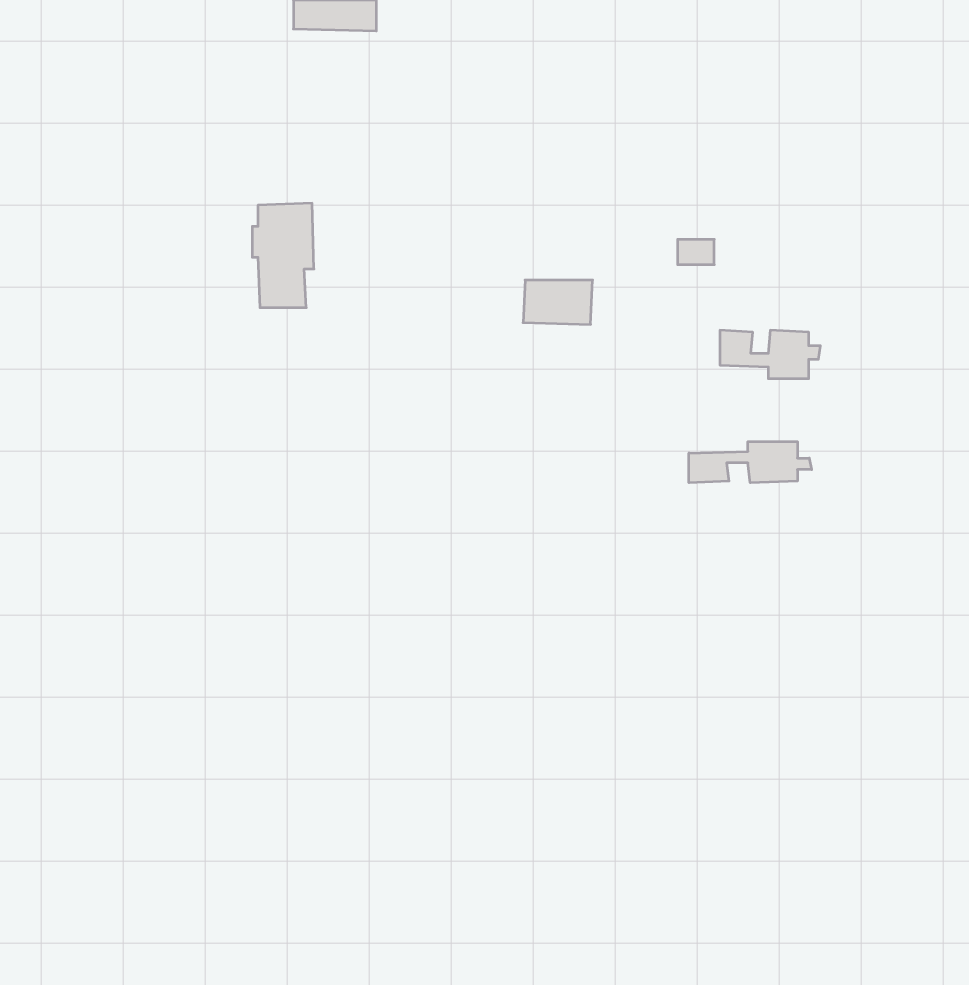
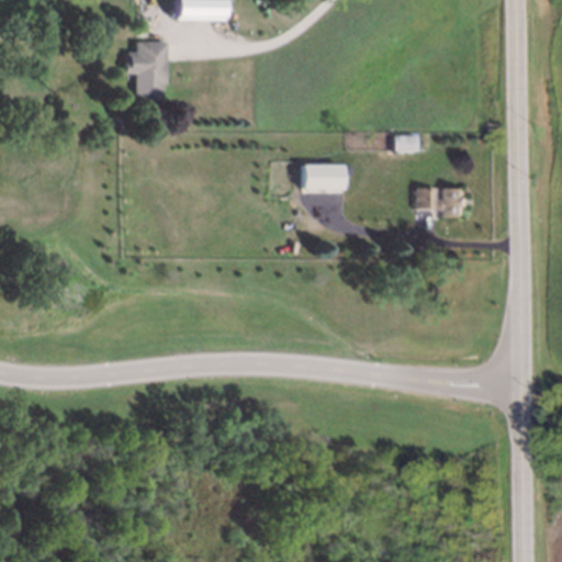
building: [252,203,314,308] -> [131,41,166,100]
building: [689,442,812,483] -> none

